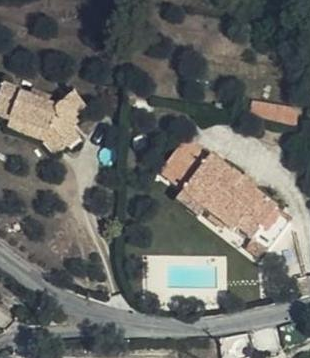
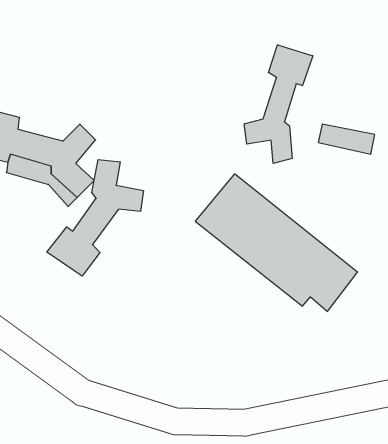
building: none -> [244,45,313,163]
building: none -> [47,160,143,276]

